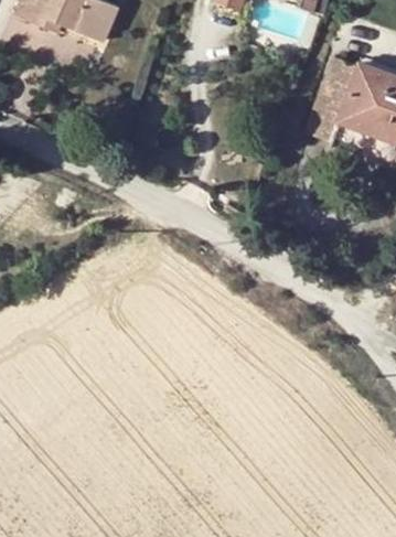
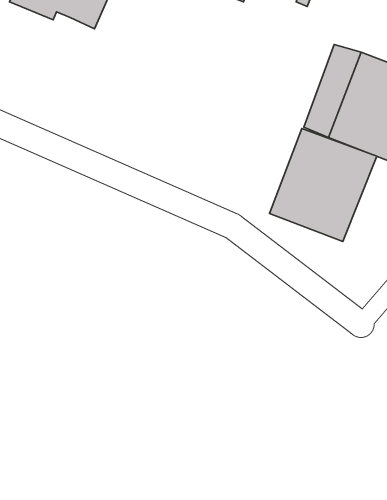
building: none -> [270,129,377,241]

